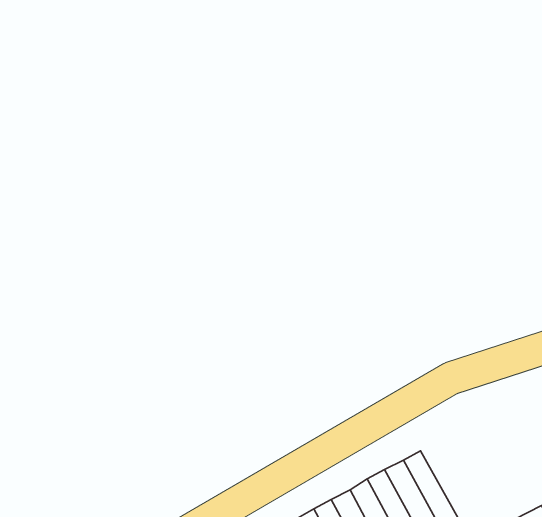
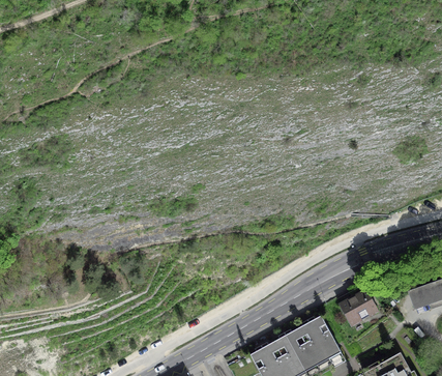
building: none -> [338,290,376,325]

